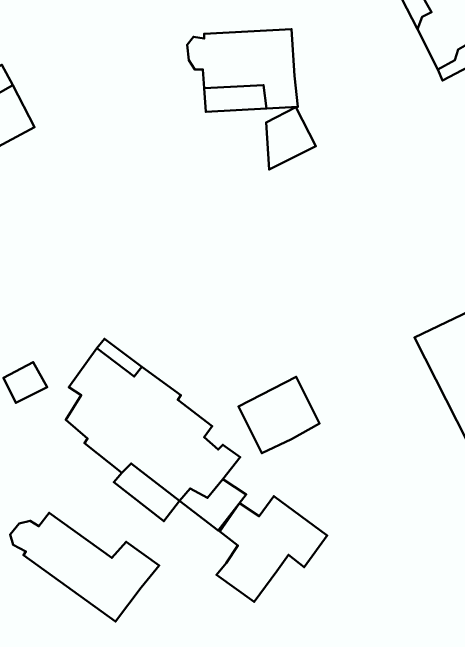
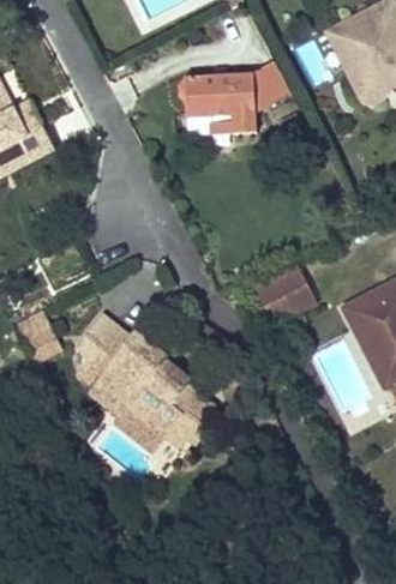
building: [266,107,316,169] -> [248,58,287,106]
building: [239,377,319,453] -> [252,266,314,325]
building: [217,496,327,602] -> none
building: [10,513,159,622] -> none

